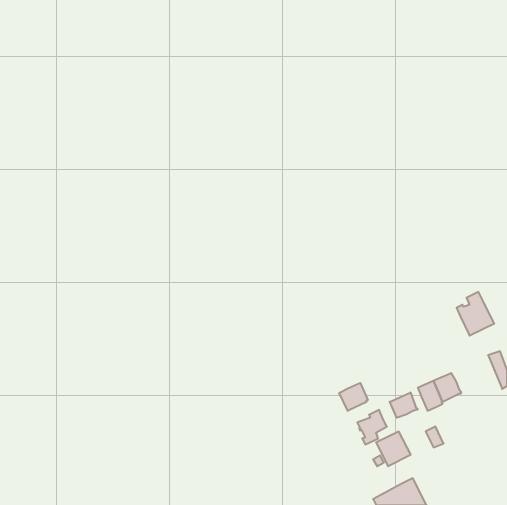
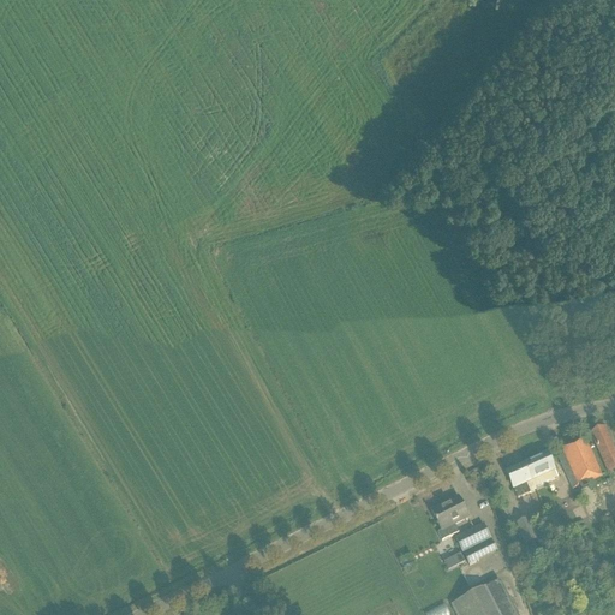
building: [457,292,494,336] -> [557,435,603,488]
building: [339,383,368,411] -> none
building: [390,392,417,418] -> none

